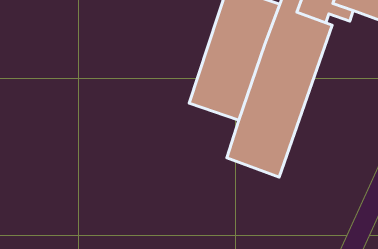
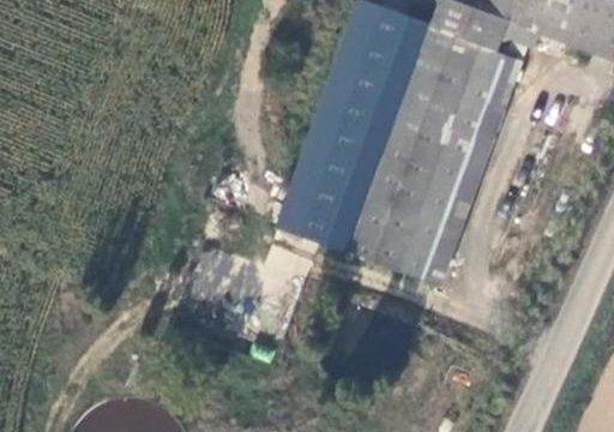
building: none -> [281,173,374,254]

